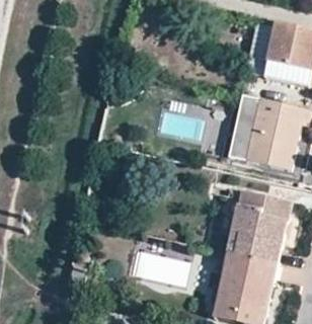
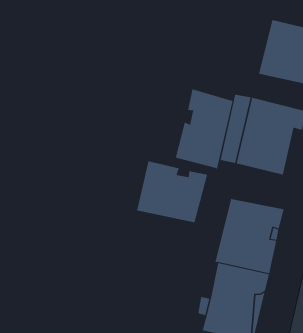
building: none -> [175,89,233,170]
building: none -> [136,160,208,223]

